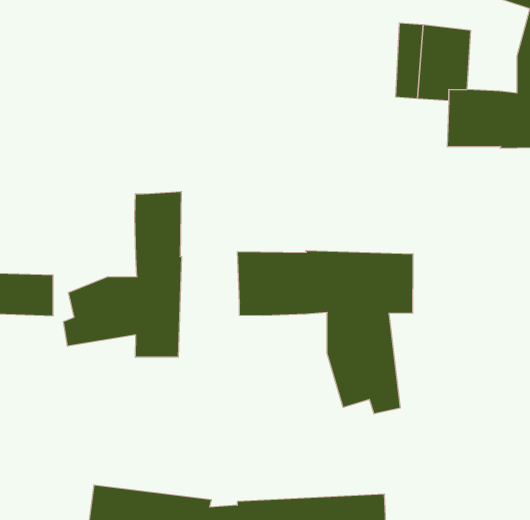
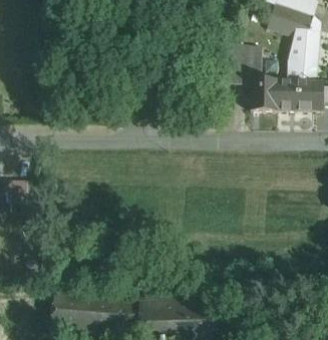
building: [64,191,182,357] -> none
building: [238,250,413,414] -> none

